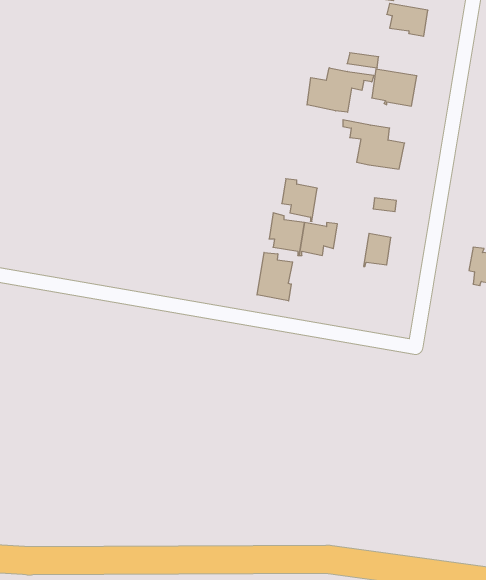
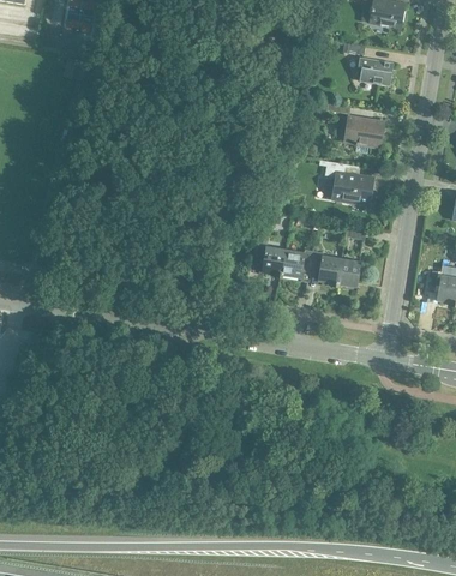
building: [307,68,374,112] -> none
building: [282,179,317,221] -> [310,250,341,287]
building: [257,252,293,301] -> none

